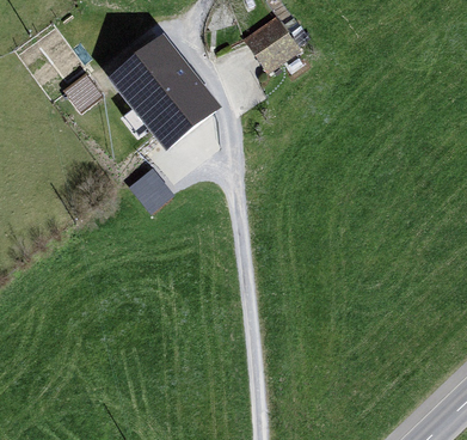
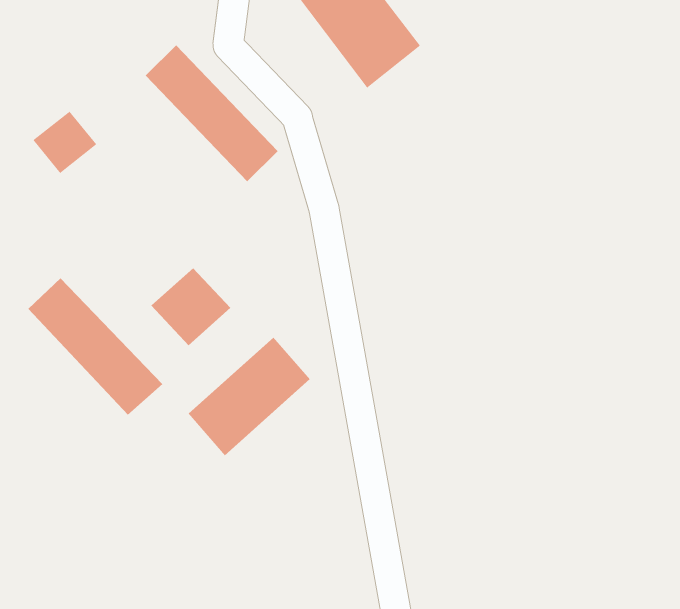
building: [116,55,192,141] -> [27,278,163,415]
building: none -> [188,337,311,456]

